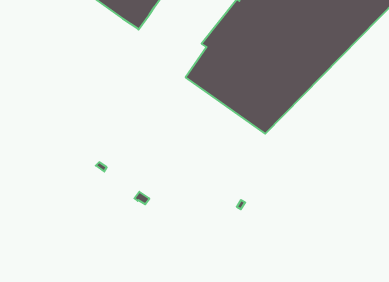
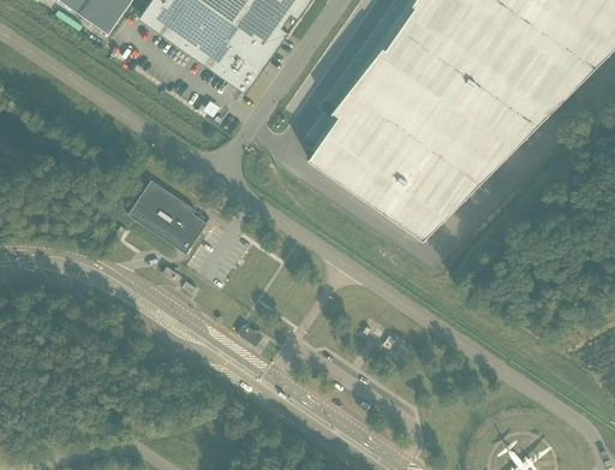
building: none -> [129,179,210,252]

